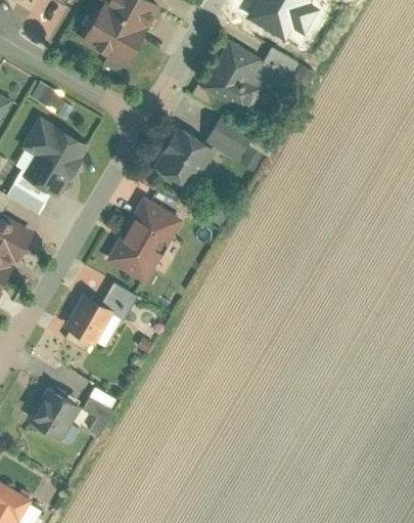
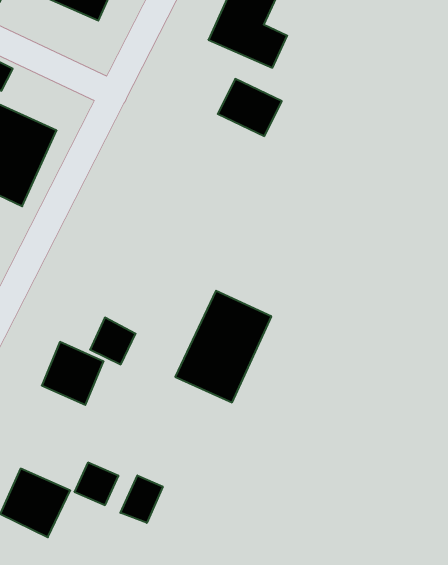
building: [155,129,213,186] -> none
building: [106,201,179,282] -> [175,291,271,402]
building: none -> [120,475,163,523]

